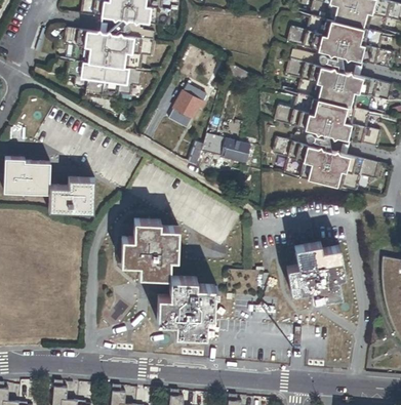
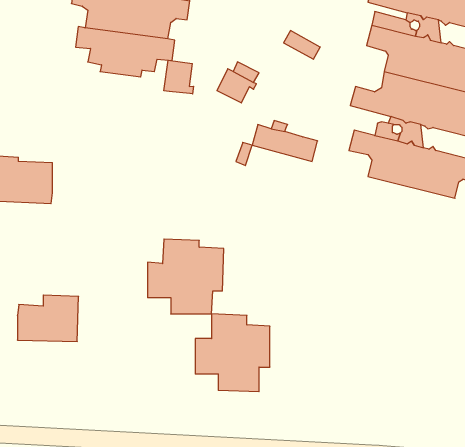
building: none -> [164,60,194,94]
building: [49,177,95,212] -> [17,295,79,341]
building: [287,242,346,300] -> none

